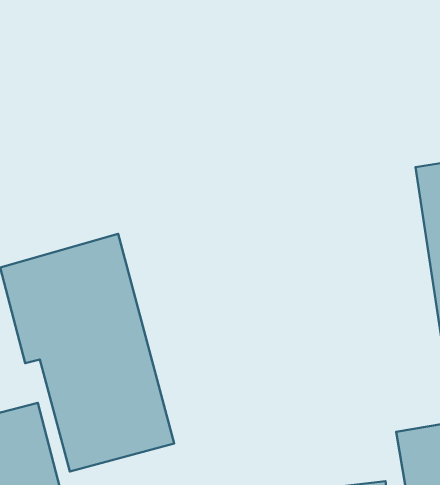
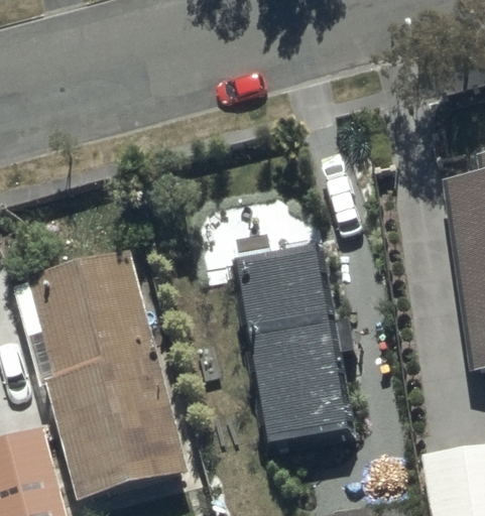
building: none -> [236,245,357,441]

